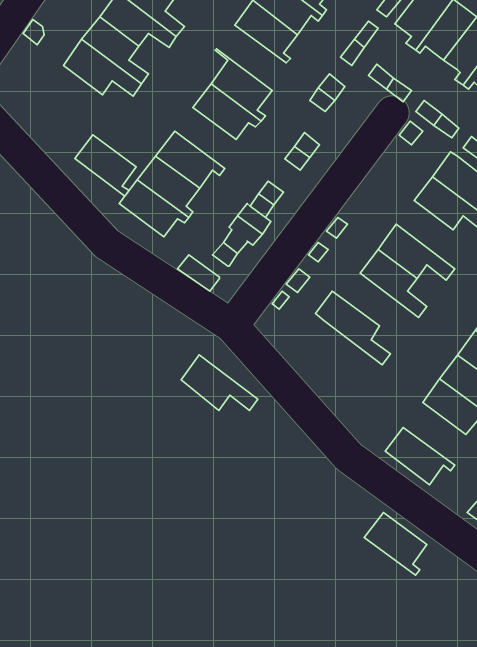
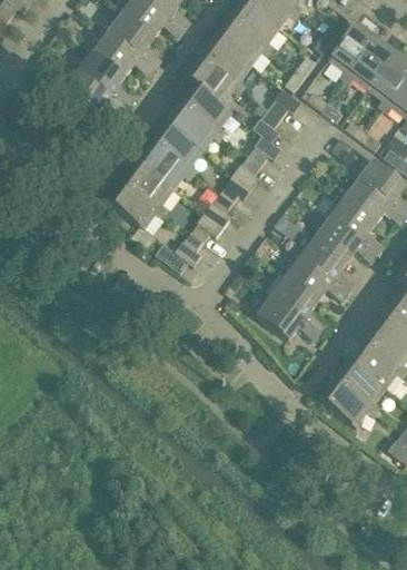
building: none -> [187,58,242,110]
building: [75,135,136,196] -> [153,124,202,173]
building: none -> [330,198,384,253]
building: none -> [287,256,348,299]
building: [181,355,258,410] -> [258,294,319,338]
building: [364,513,427,575] -> [336,360,386,410]

